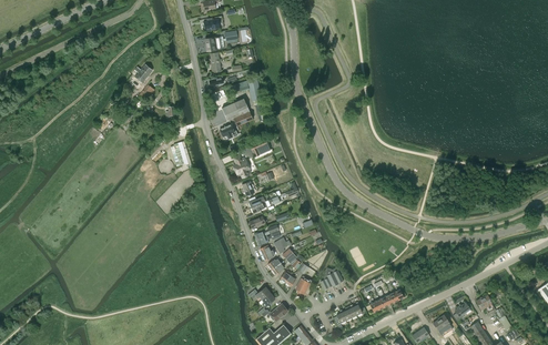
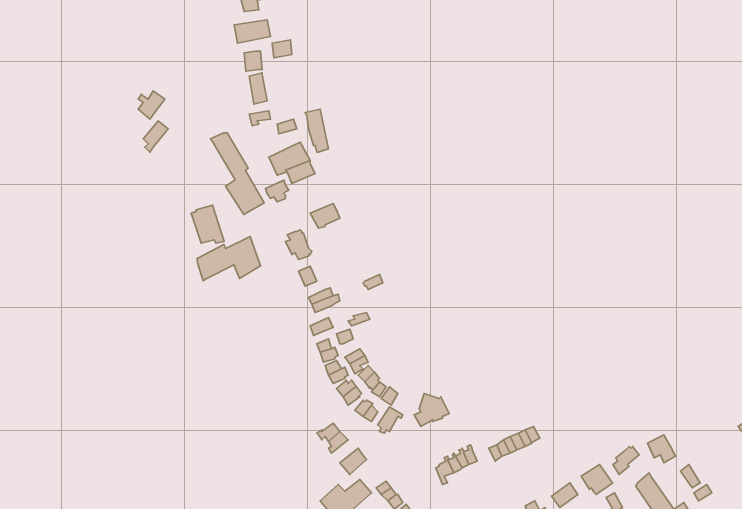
building: none -> [211,133,264,214]
building: none -> [197,237,261,281]

